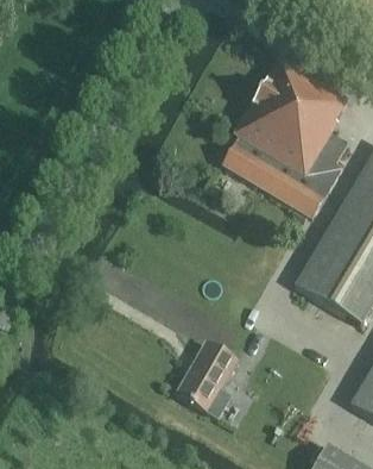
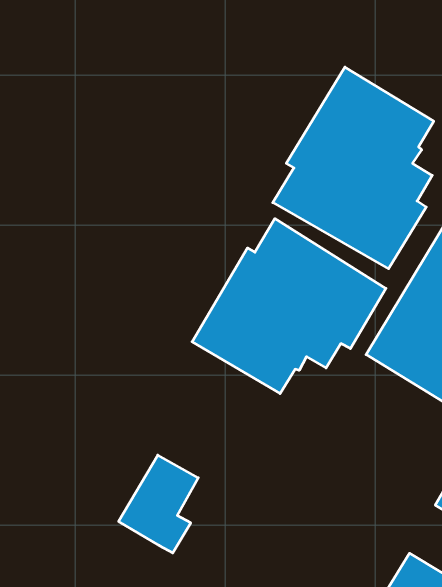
building: none -> [192,219,386,394]
building: [176,339,239,417] -> [119,455,198,553]

